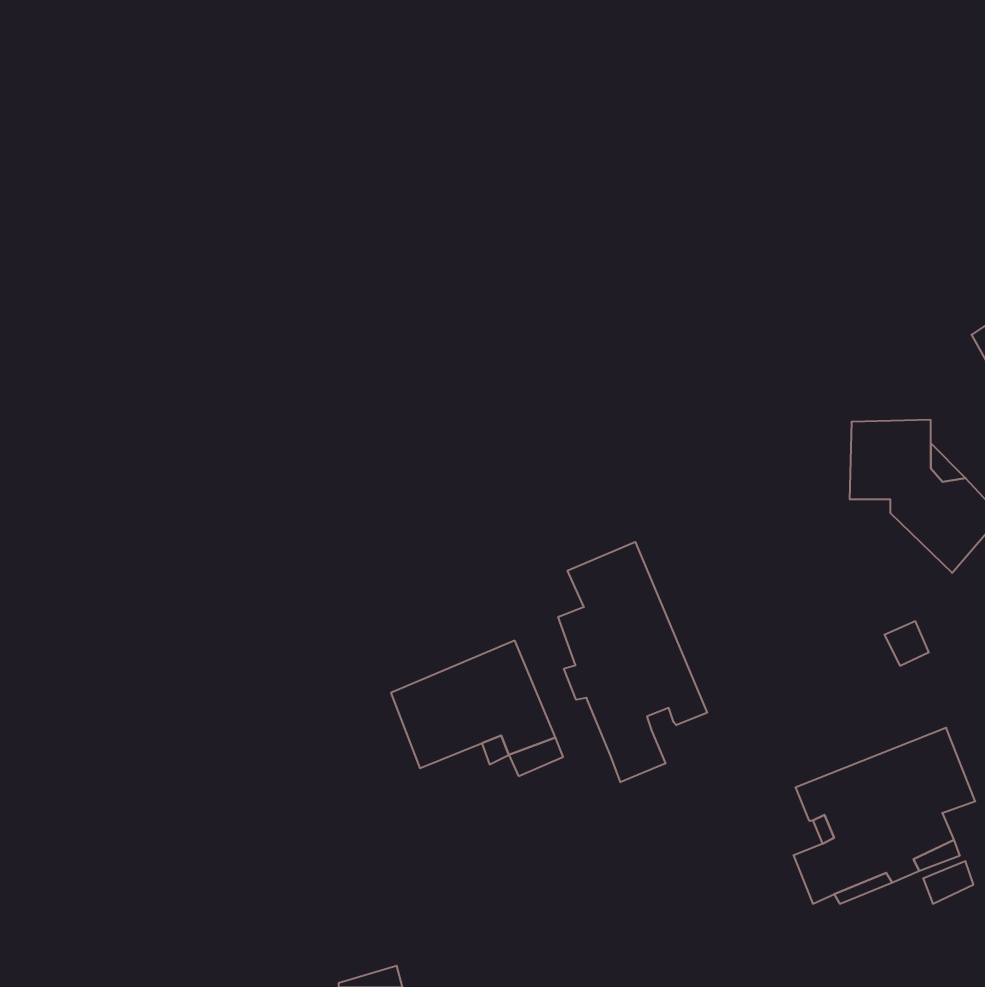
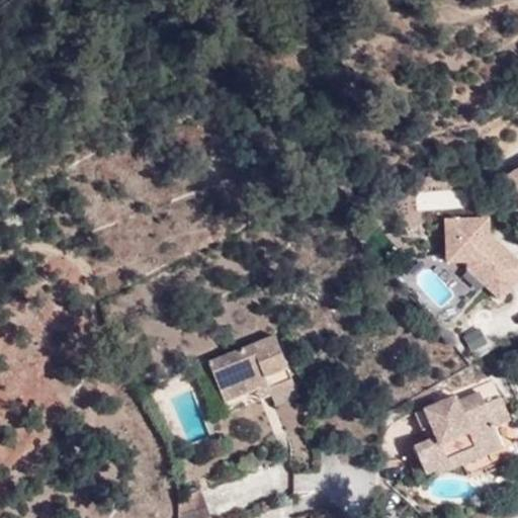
building: [558,542,707,782] -> none

